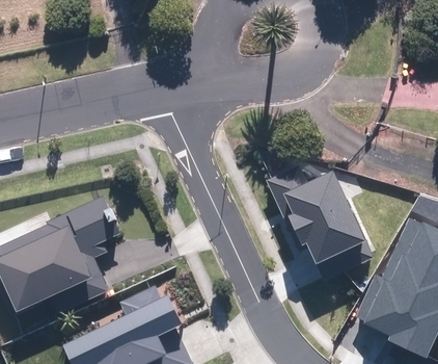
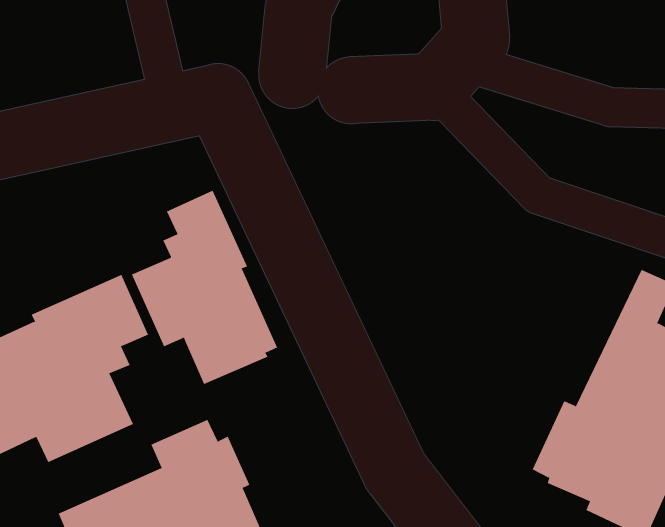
building: none -> [131,190,278,385]
building: [266,164,374,280] -> none

